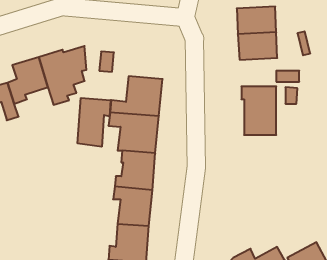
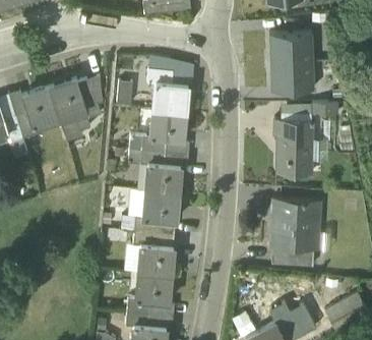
building: none -> [146,67,189,113]
building: [78,98,110,147] -> none
building: none -> [271,200,332,268]

